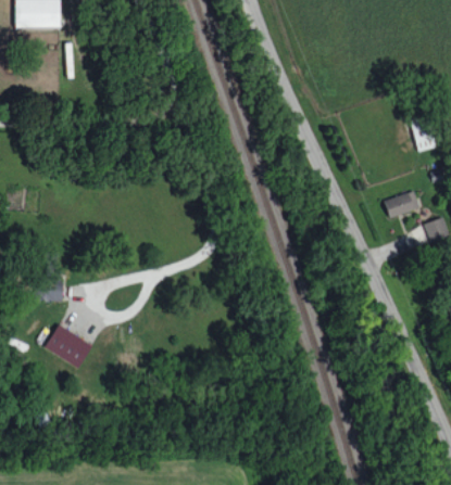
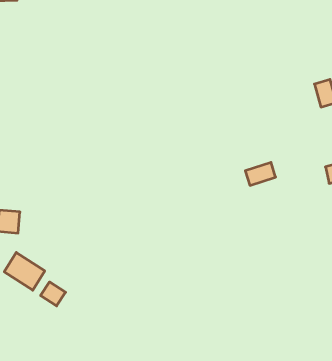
building: [384,191,419,218] -> [245,162,276,185]
building: none -> [41,282,66,306]

